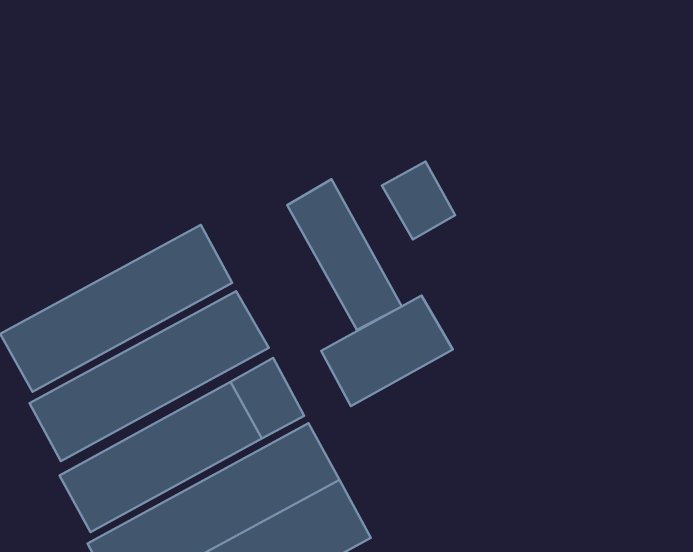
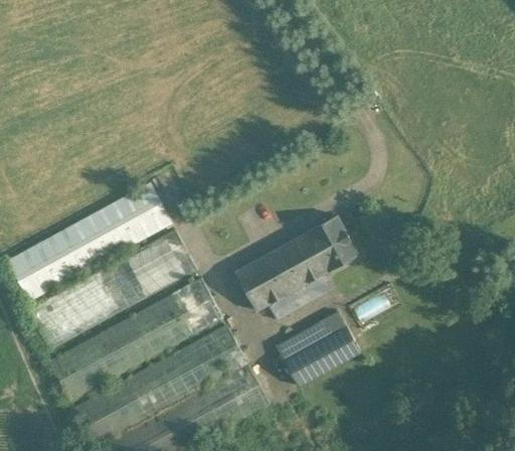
building: [382,161,455,239] -> [306,215,358,271]
building: [287,179,402,330] -> none
building: none -> [275,310,361,387]

